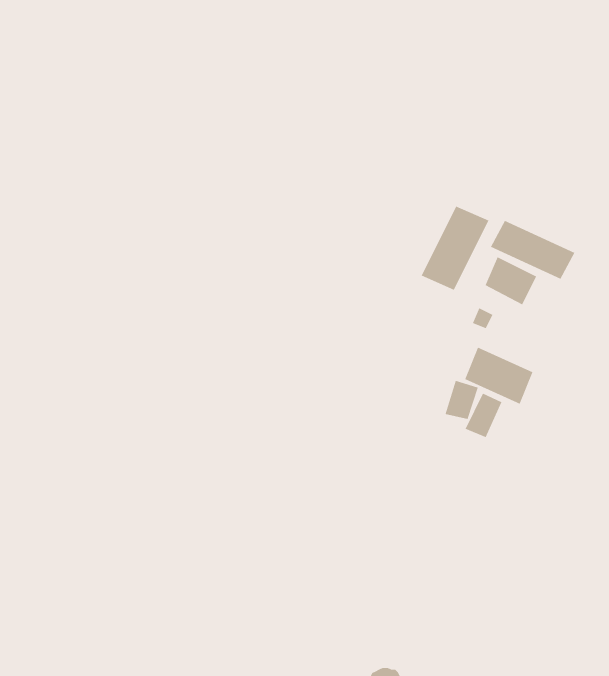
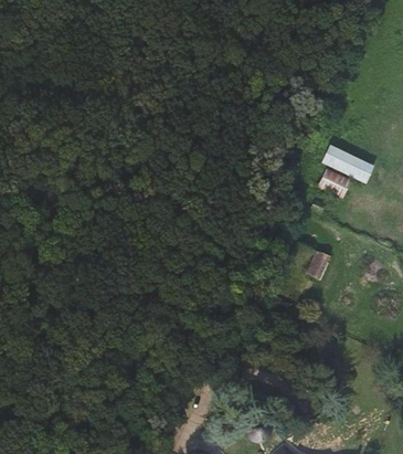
building: [421,205,489,291] -> none
building: [464,347,534,405] -> none

